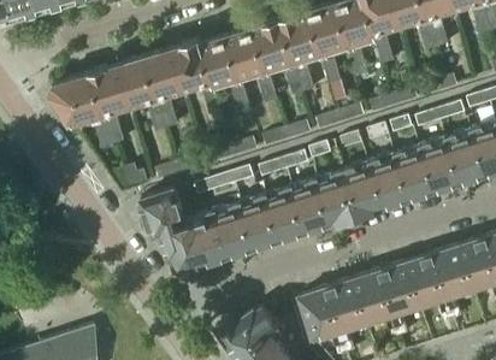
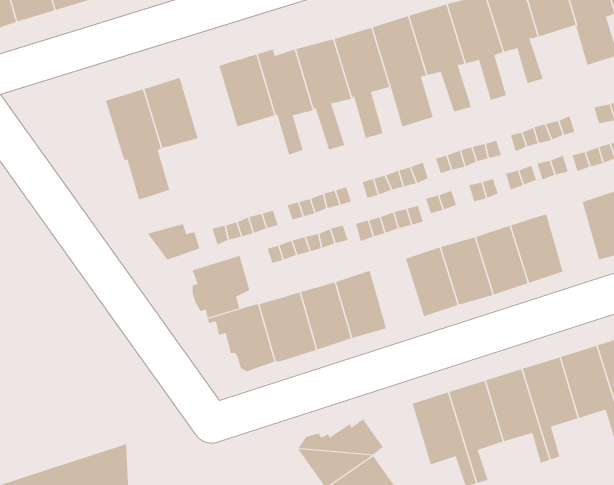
building: [132,52,179,132] -> none
building: [52,77,91,125] -> none
building: [397,151,435,201] -> none
building: [270,191,308,242] -> none

